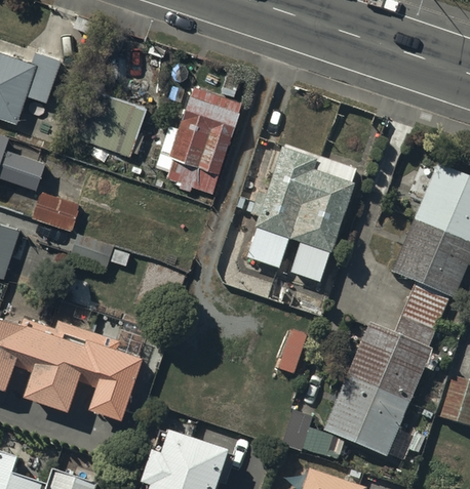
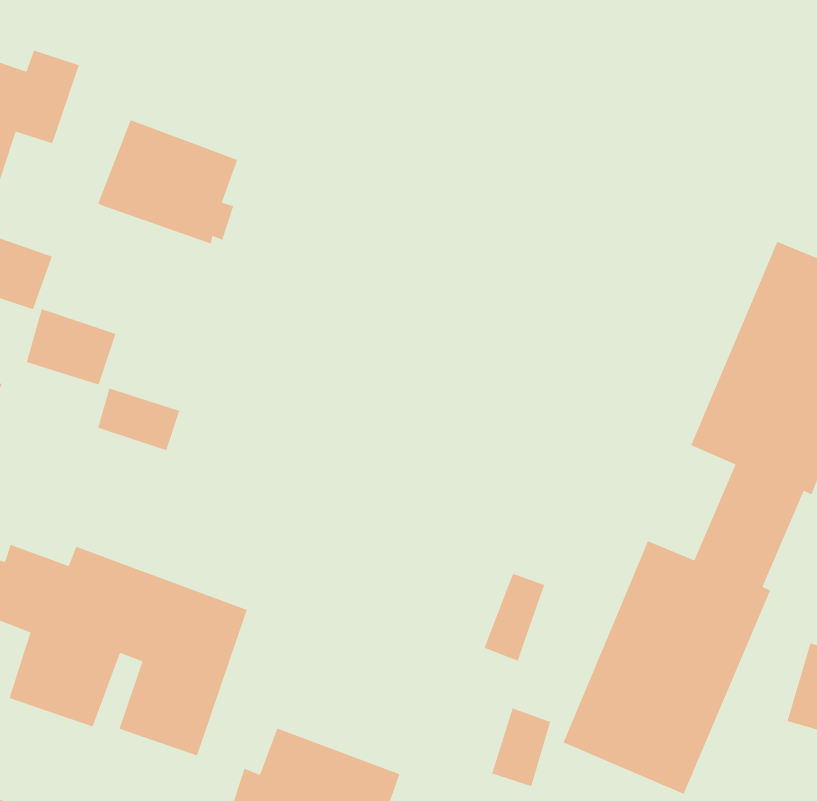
building: [156,89,245,198] -> none
building: [245,140,356,281] -> none

